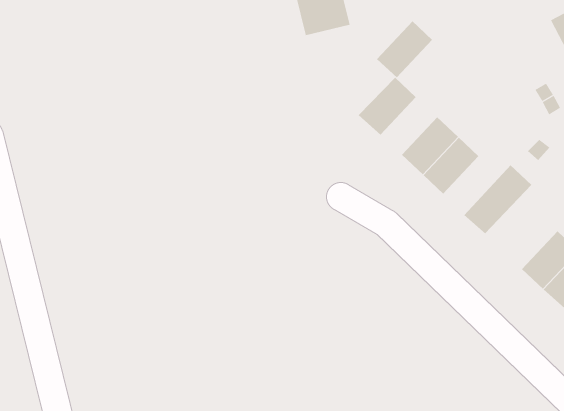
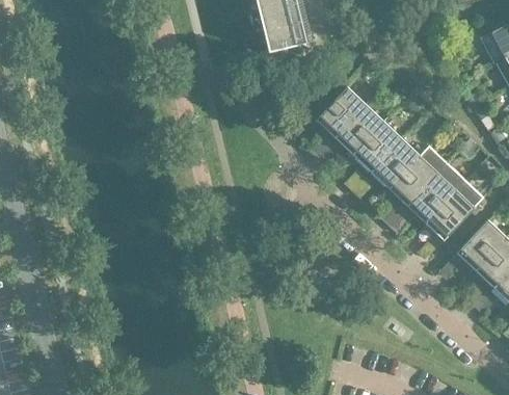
building: [376,21,433,78] -> [334,104,383,154]
building: none -> [389,146,447,206]
building: none -> [425,180,483,240]

